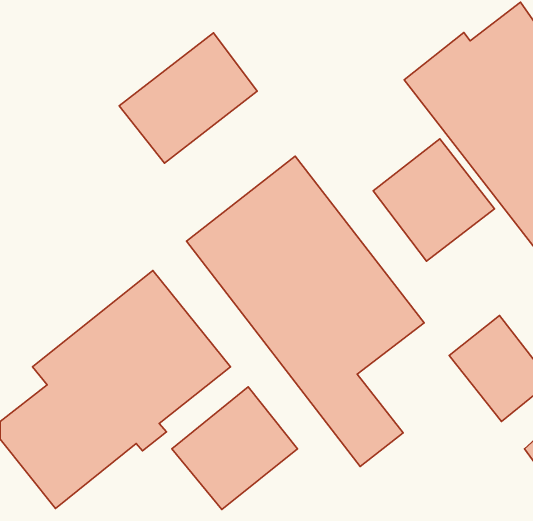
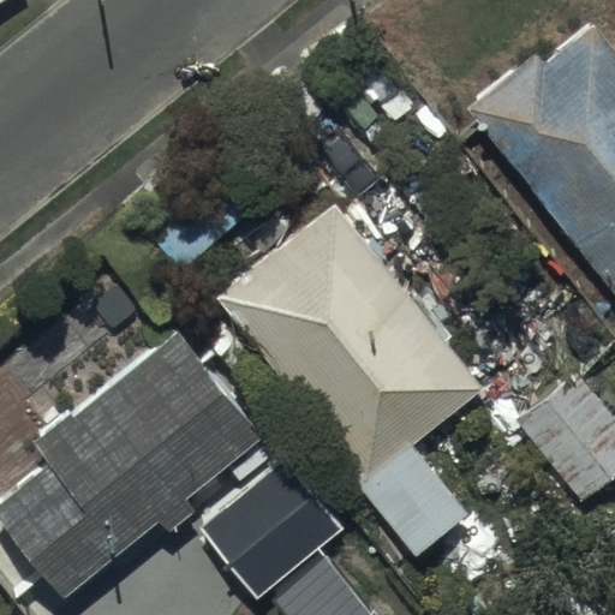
building: [119,33,257,163] -> none
building: [373,139,494,261] -> none

